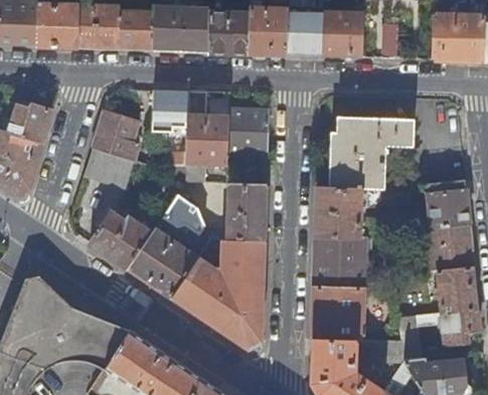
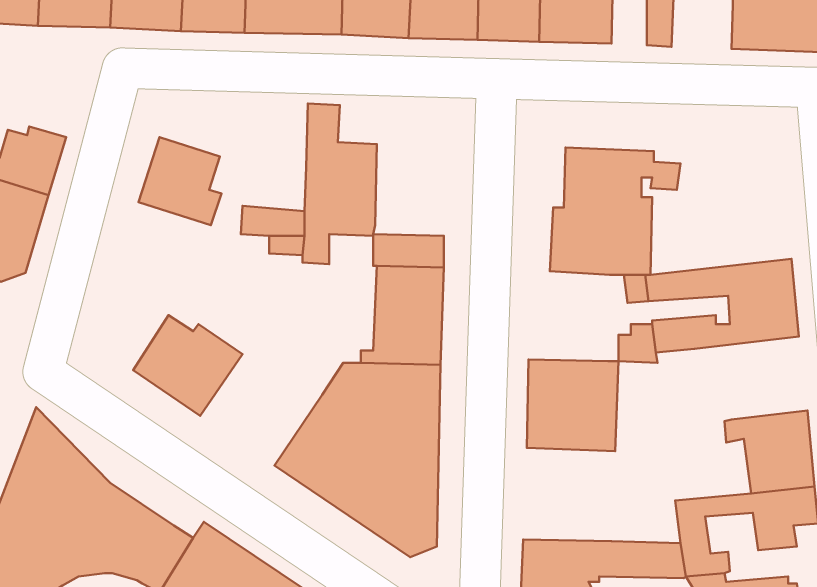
building: [153,90,189,128] -> none
building: [227,109,269,161] -> none
building: [85,148,134,187] -> none
building: [315,187,361,238] -> none
building: [164,195,204,233] -> none
building: [410,224,474,271] -> none
building: [128,228,197,298] -> none
building: [312,287,364,341] -> none

